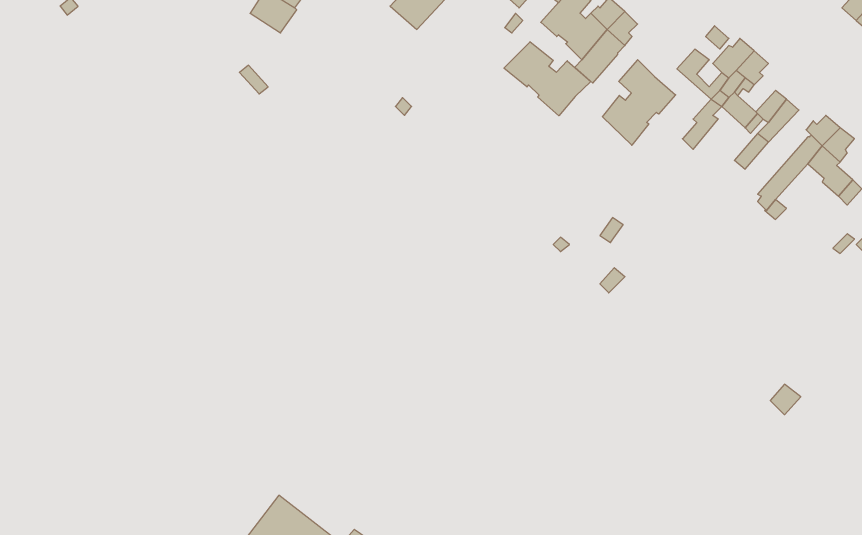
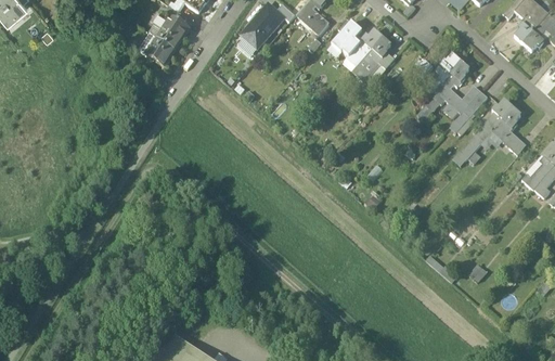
building: none -> [146,41,175,69]
building: [504,42,591,116] -> none
building: [602,60,676,145] -> none

